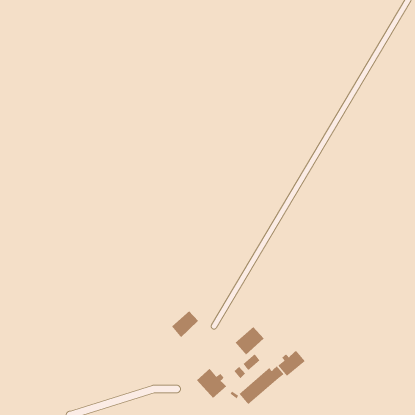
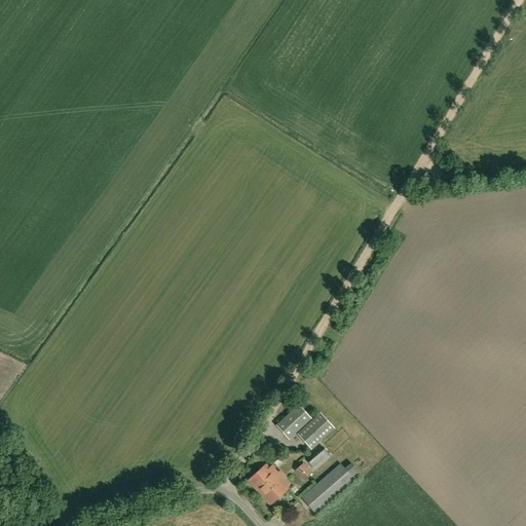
building: [171,310,199,338] -> [275,404,310,439]
building: [277,350,306,377] -> none

